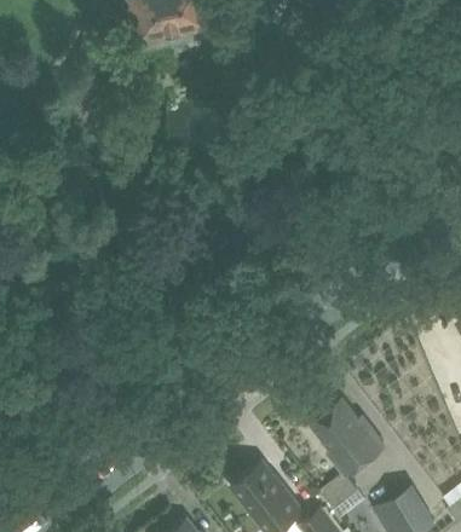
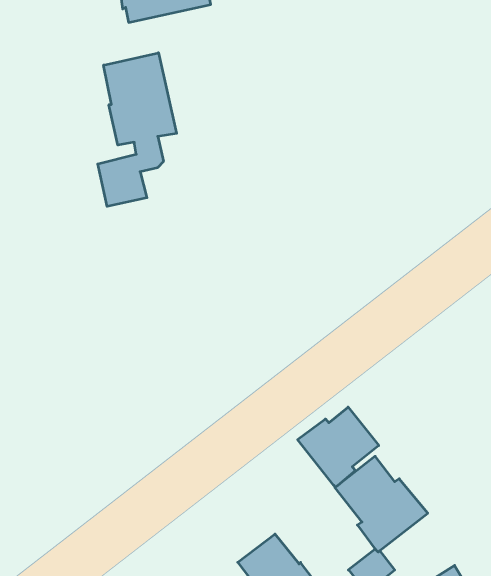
building: none -> [98,53,177,206]
building: none -> [298,407,379,487]

